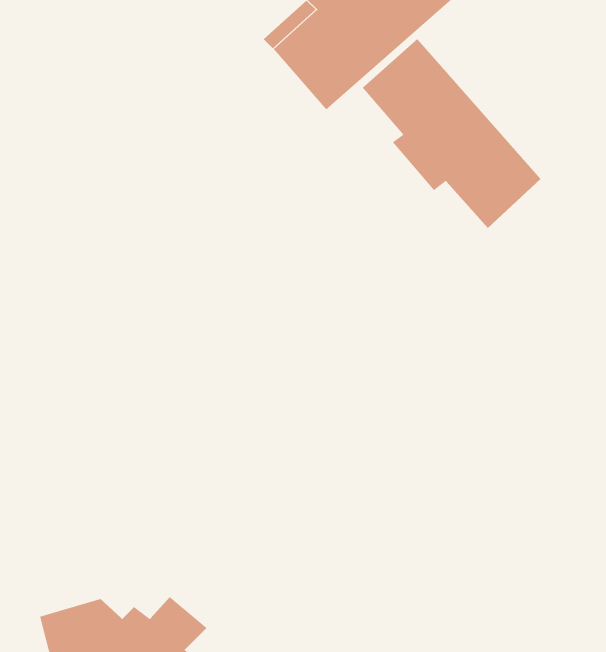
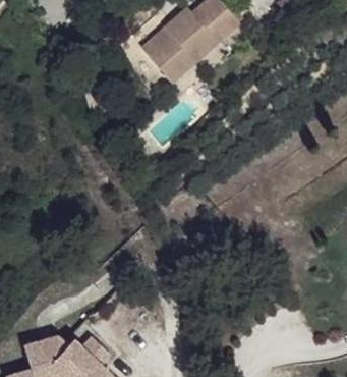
building: [362,38,541,229] -> none

